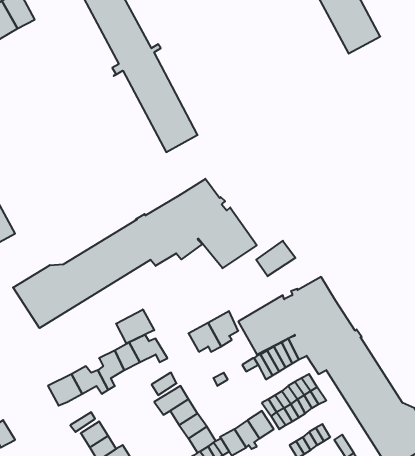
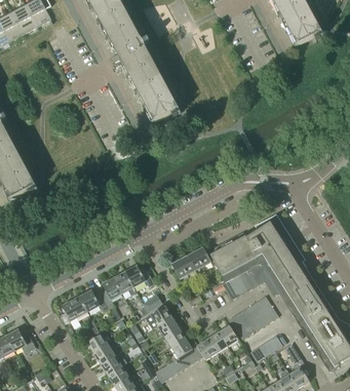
building: [13,179,257,328] -> none
building: [256,241,295,276] -> none
building: [116,309,154,344] -> none

